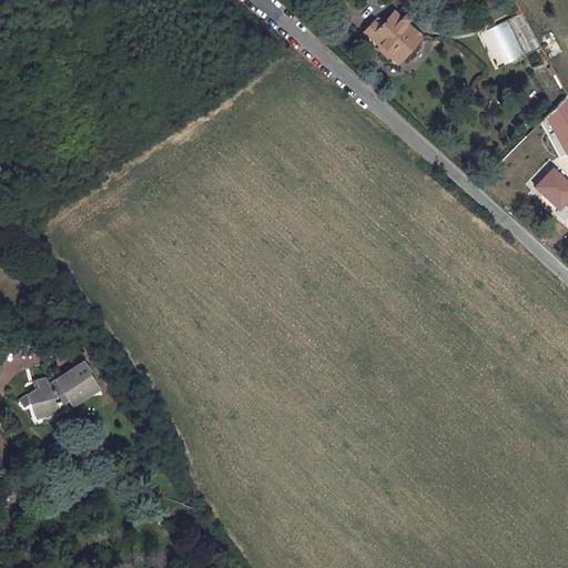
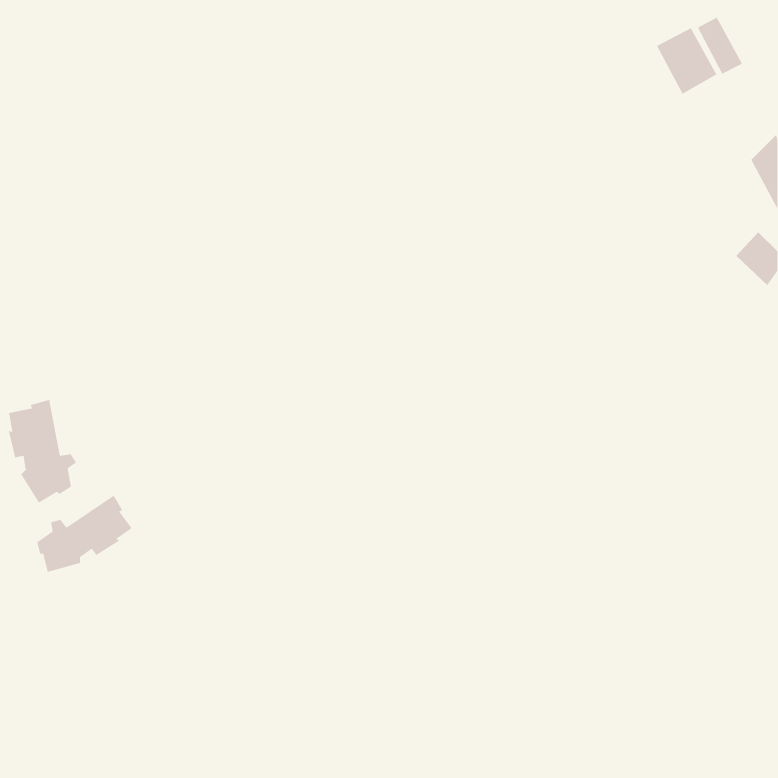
building: [364,11,420,61] -> none
building: none -> [8,399,77,504]

